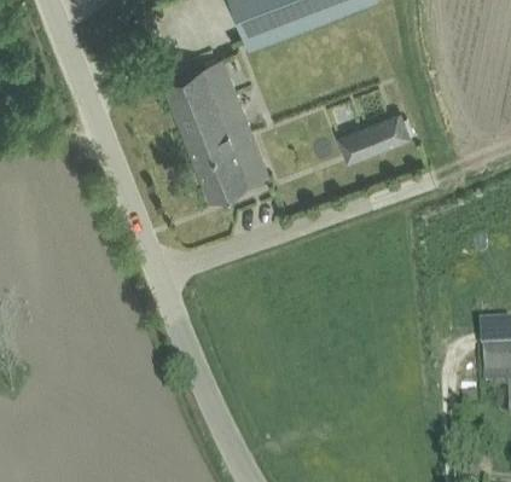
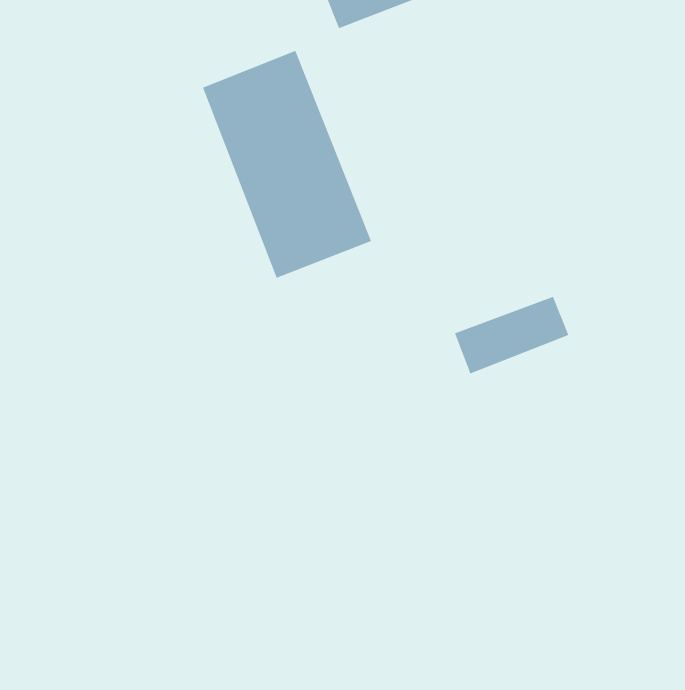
building: [338,117,410,165] -> [454,296,569,374]

